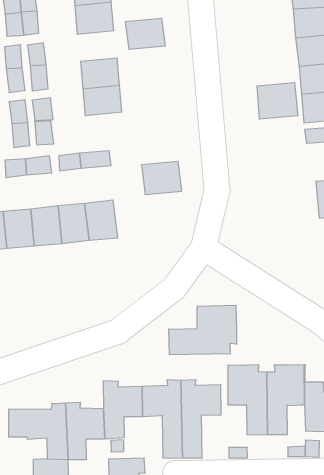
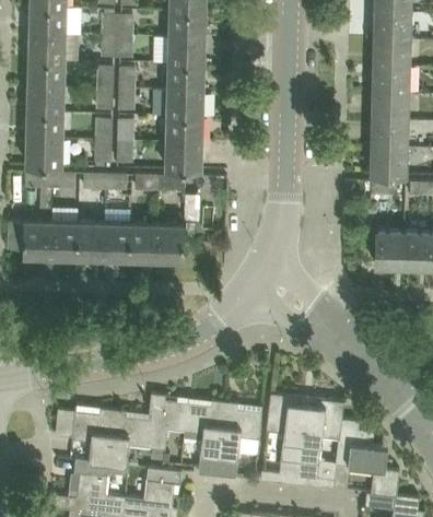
building: [125,18,165,49] -> [167,63,202,91]
building: [257,82,298,119] -> none
building: [141,161,182,195] -> [165,141,200,171]
building: [169,305,236,355] -> none

